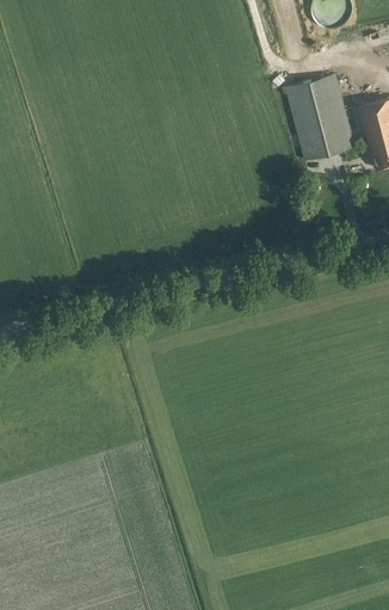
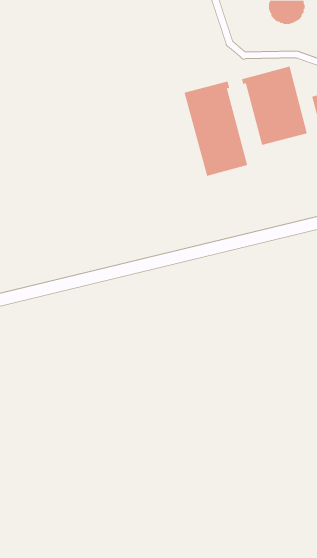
building: none -> [183,80,248,177]

